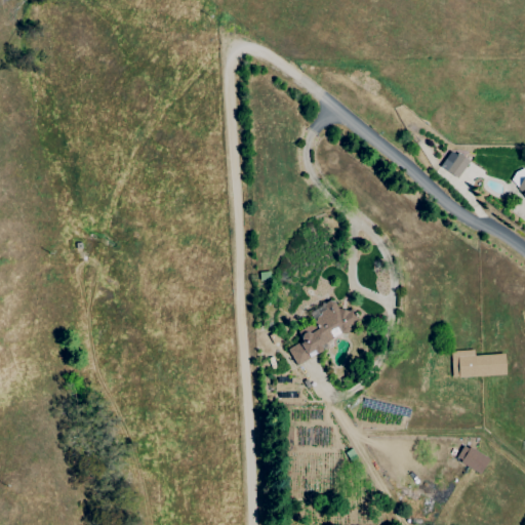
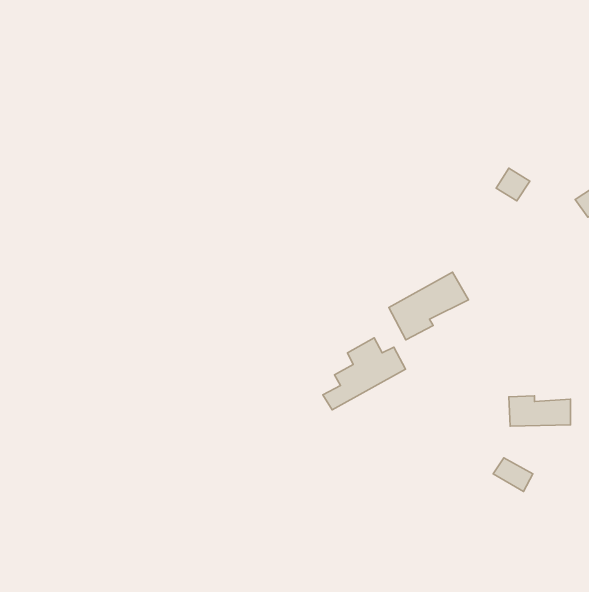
building: none -> [389,272,469,340]
building: [457,445,492,475] -> [493,458,533,491]

